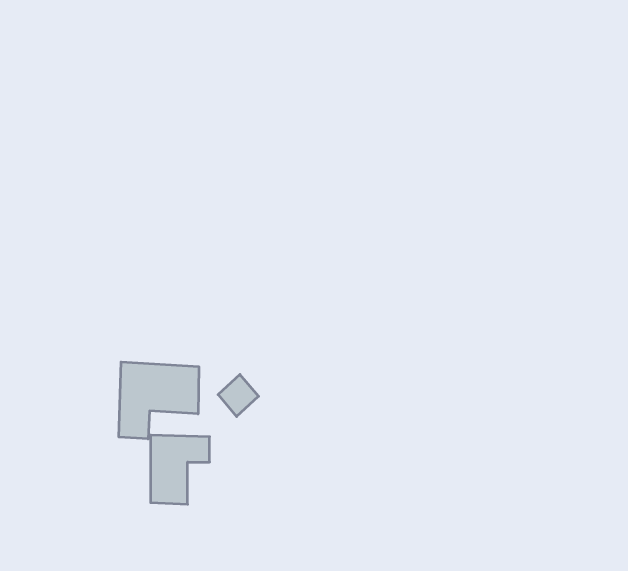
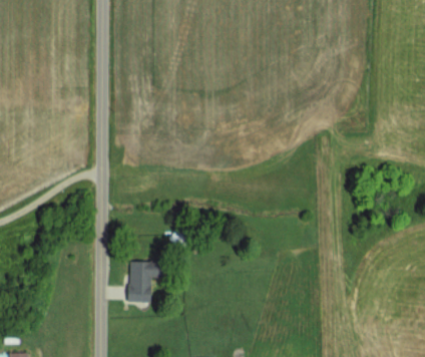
building: [119,362,199,439] -> none

